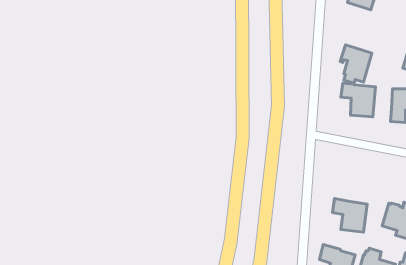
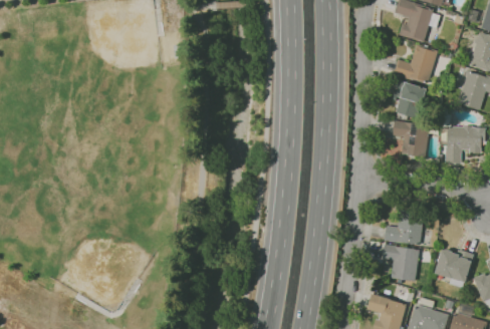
building: none -> [392,44,437,83]
building: none -> [384,209,424,244]

